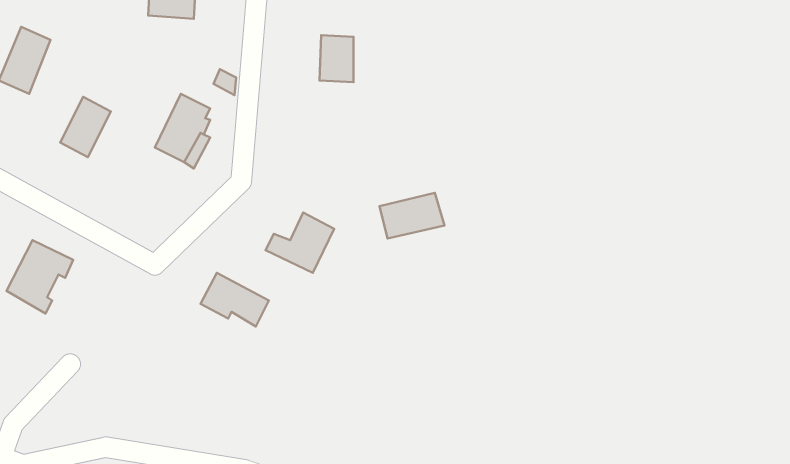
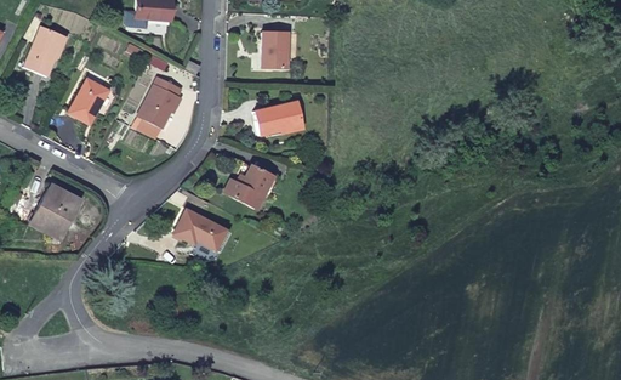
building: [379,193,445,239] -> [255,101,303,135]

